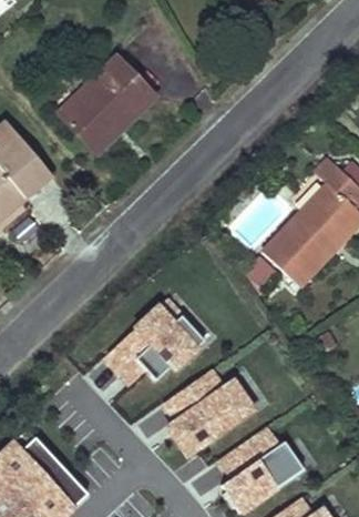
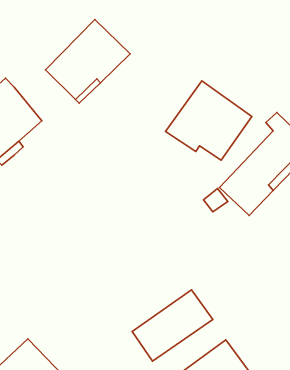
building: none -> [166,81,252,160]
building: [116,300,202,384] -> none

